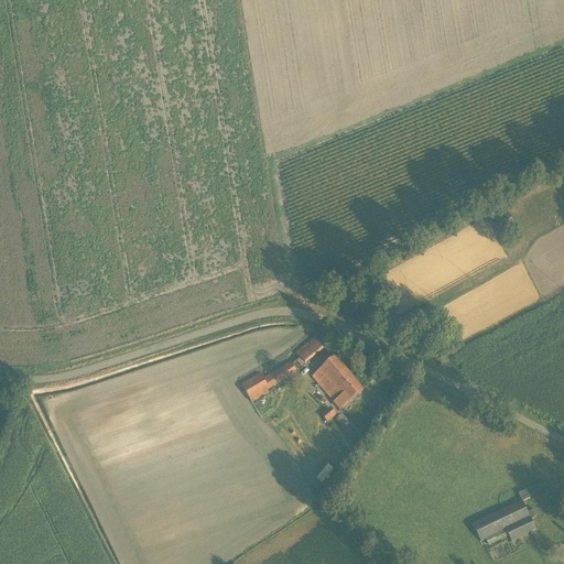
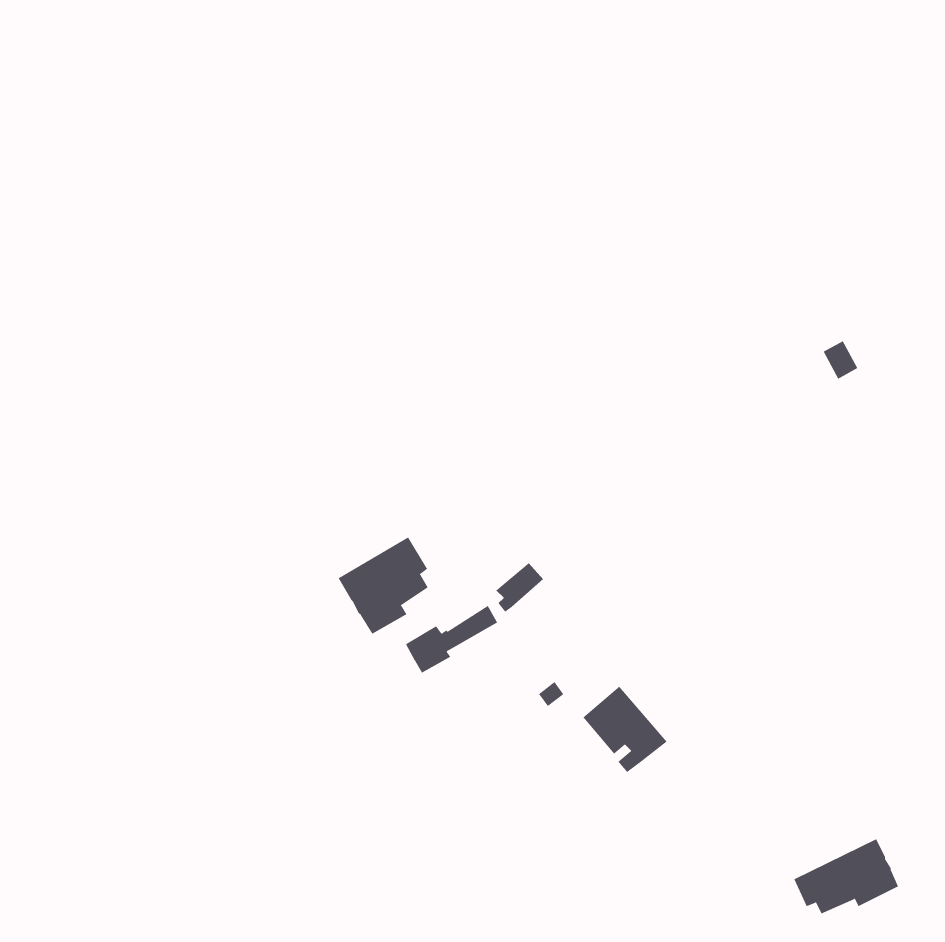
building: none -> [338,536,429,635]
building: [313,356,364,408] -> [582,686,667,773]

